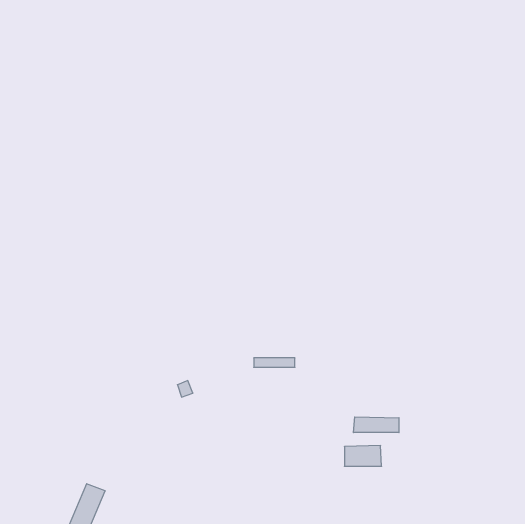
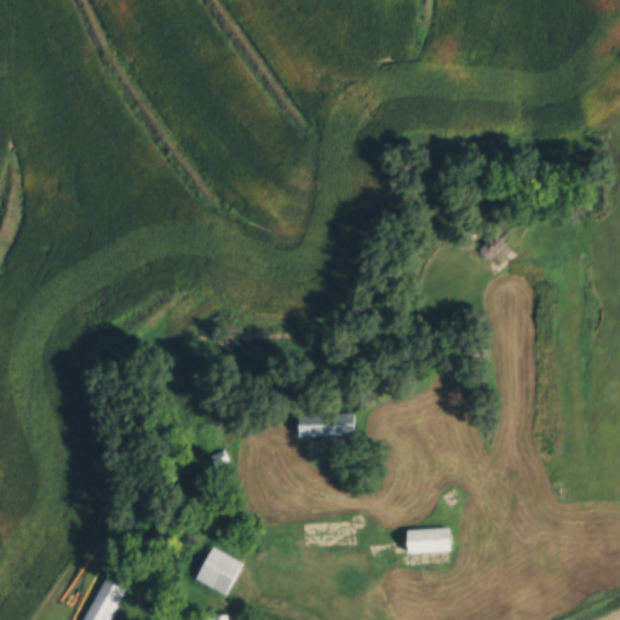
building: [353,417,399,433] -> none
building: none -> [194,546,242,596]

